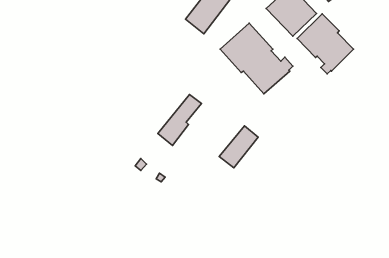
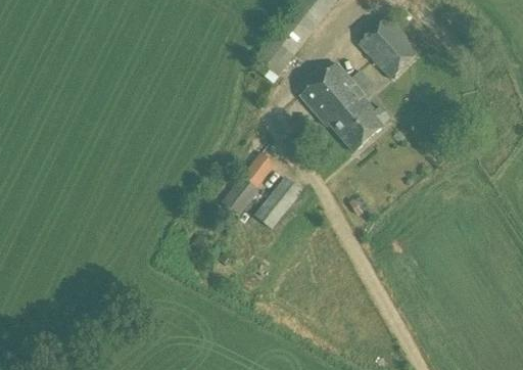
building: [297,14,354,74] -> none
building: [219,126,258,168] -> [252,175,301,228]

